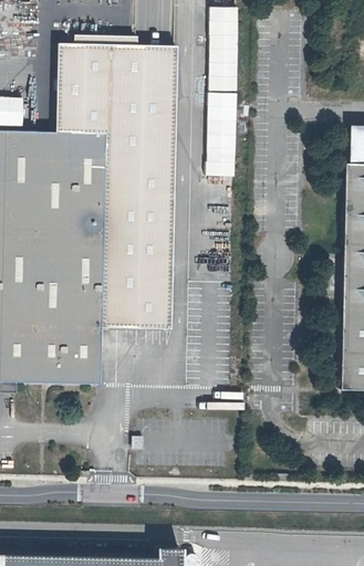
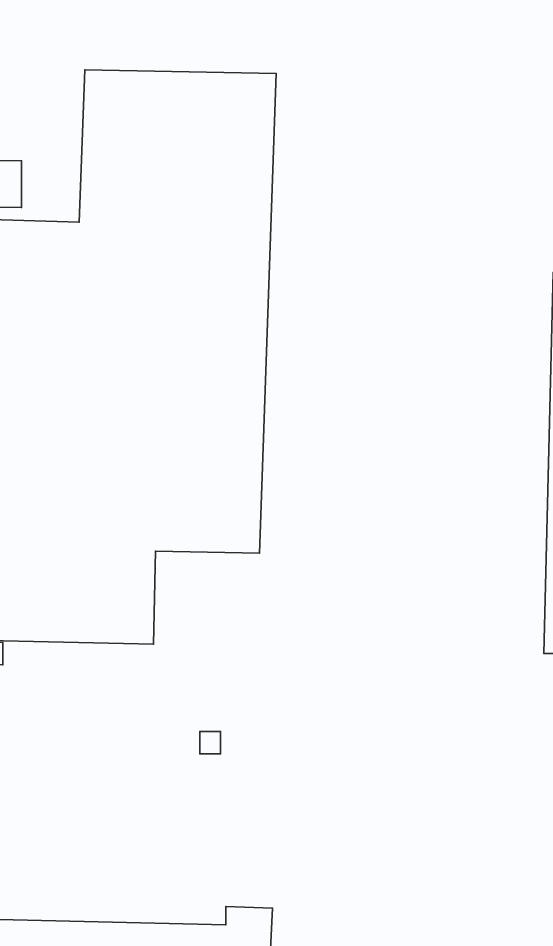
building: [208,7,239,177] -> none

